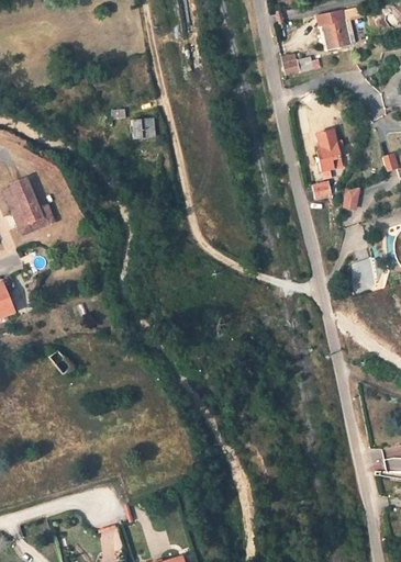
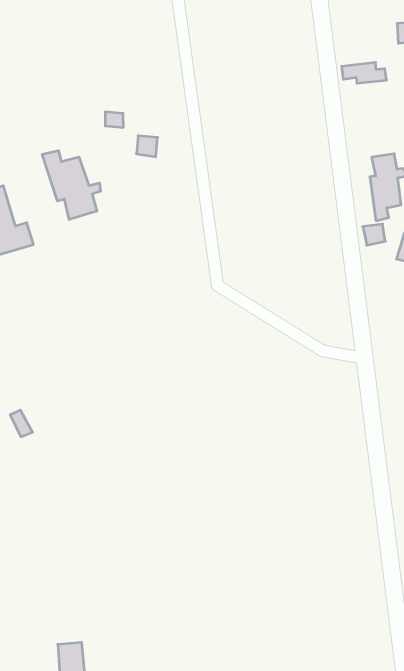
building: none -> [42,151,101,220]

